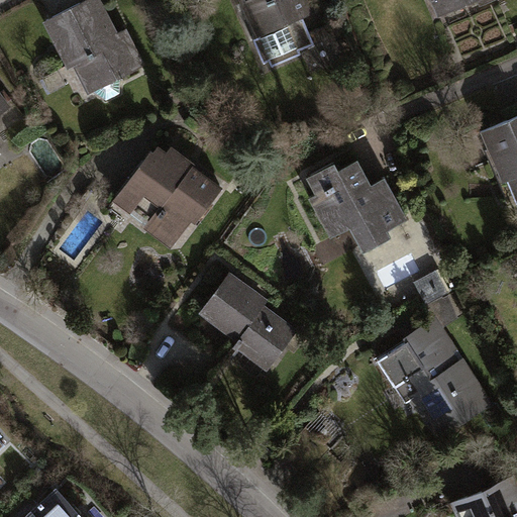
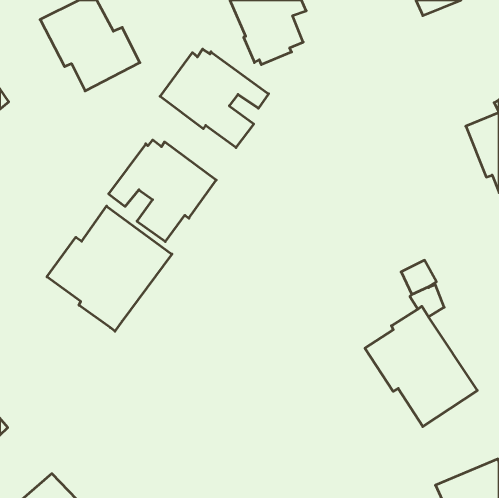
building: none -> [160,49,269,148]
building: [306,159,408,254] -> none
building: none -> [47,206,172,331]
building: [199,273,298,373] -> none

